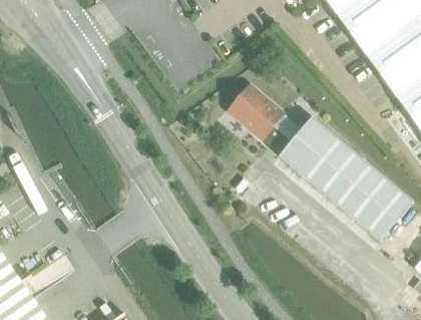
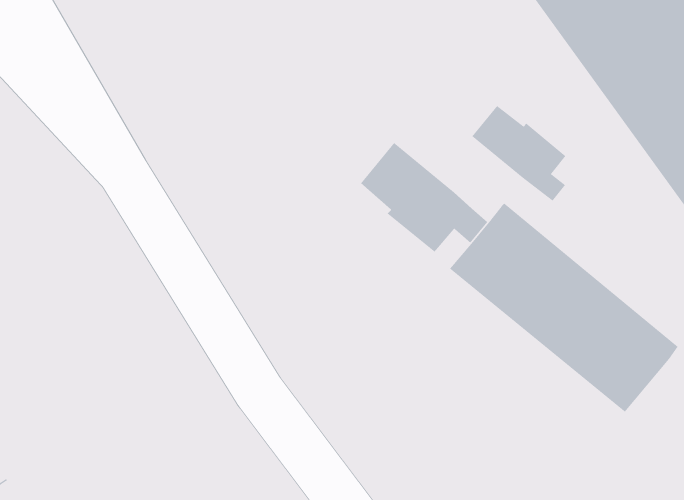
building: none -> [471,105,566,201]

